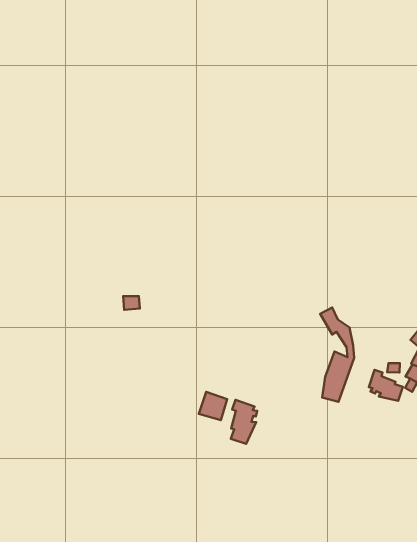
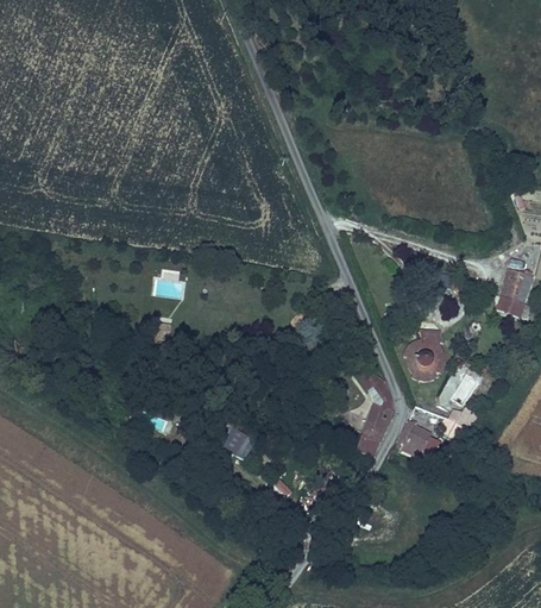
building: none -> [407,322,448,376]
building: [231,400,257,444] -> none

